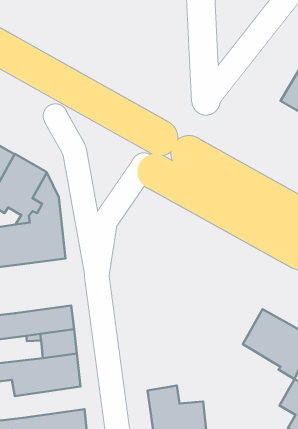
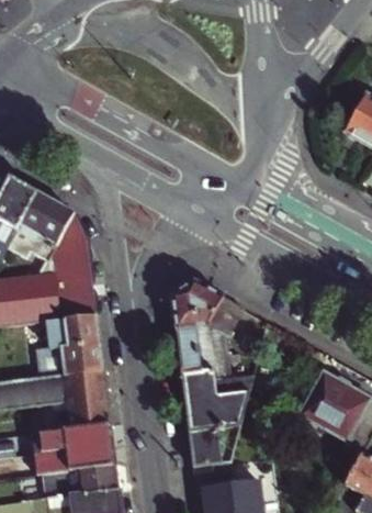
building: none -> [172,280,253,467]
building: none -> [38,313,104,377]
building: none -> [46,466,120,499]

